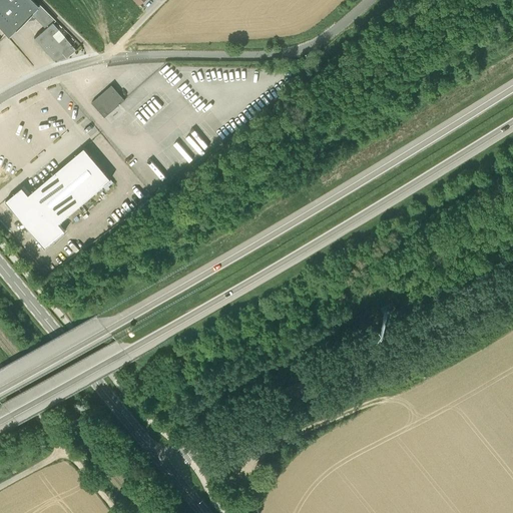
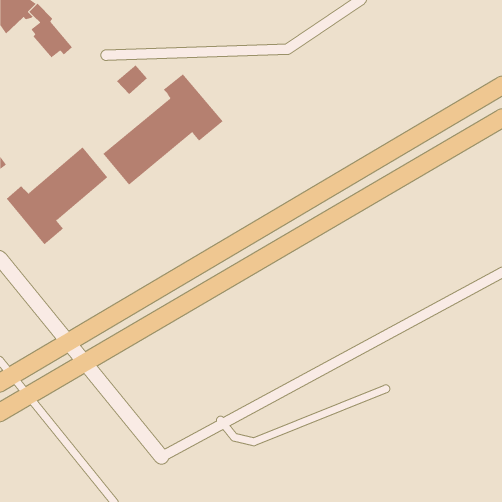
building: none -> [102,73,223,185]
building: [91,86,123,117] -> [116,64,148,95]

